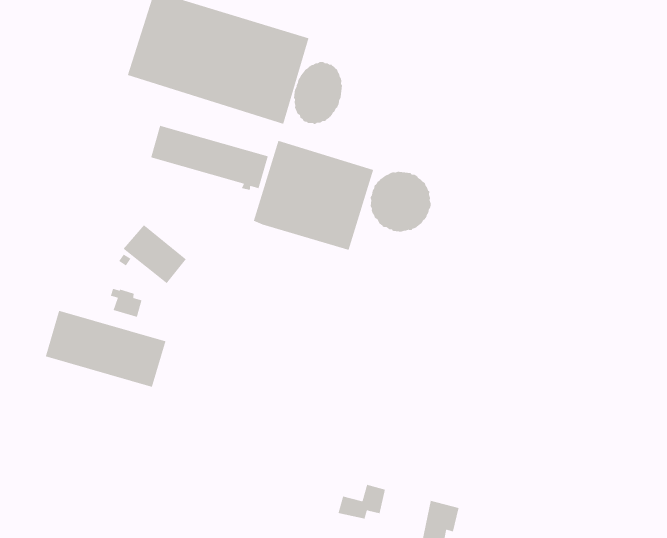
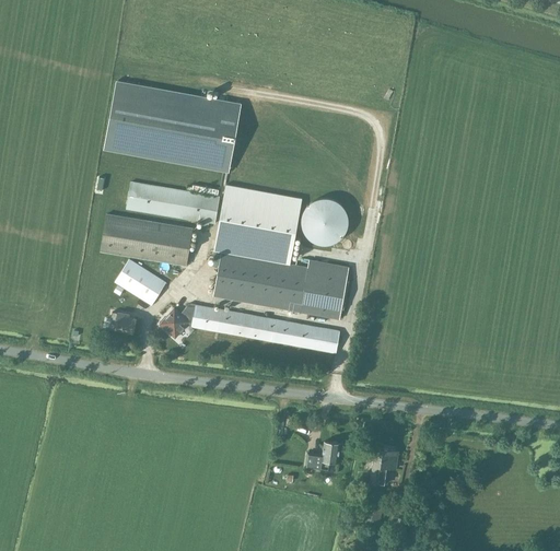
building: [293,61,343,125] -> none
building: none -> [213,251,349,319]
building: none -> [160,304,339,354]
building: [45,310,166,388] -> [100,213,191,265]

